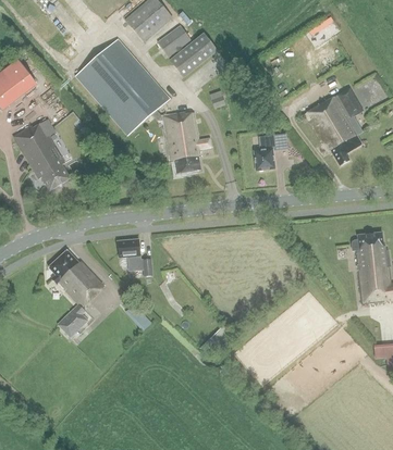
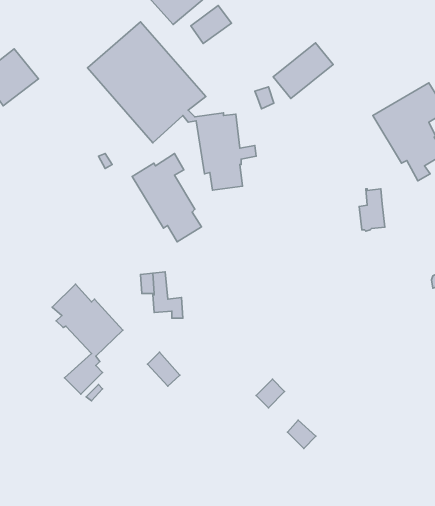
building: [169,32,217,76] -> [273,43,333,98]
building: [14,117,70,188] -> [132,154,202,242]
building: [254,137,274,171] -> [359,189,385,231]

